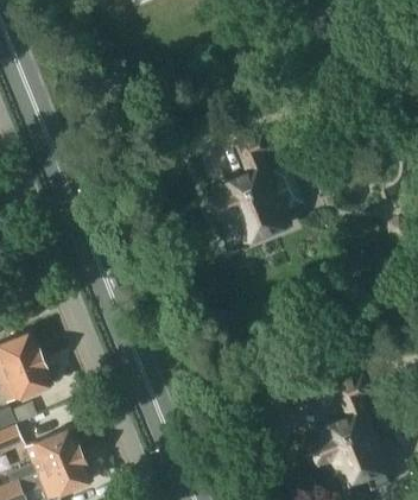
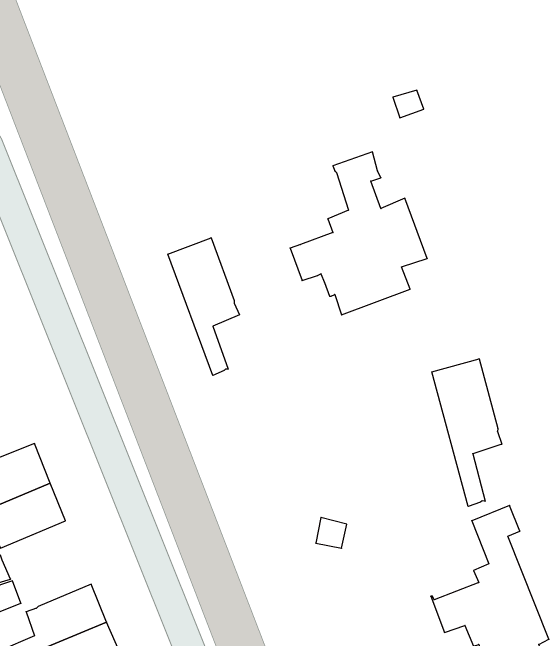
building: none -> [168,238,239,375]
building: none -> [432,359,502,506]

